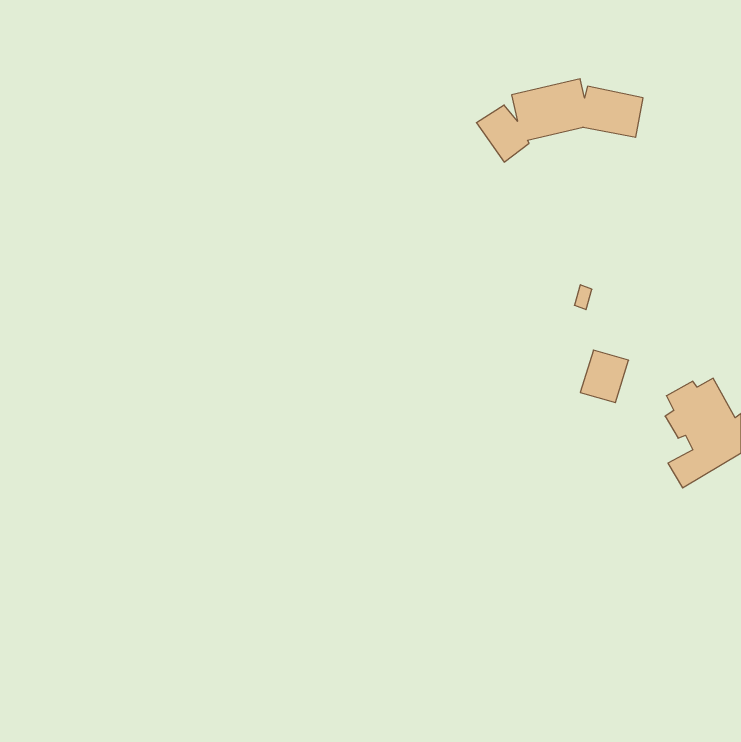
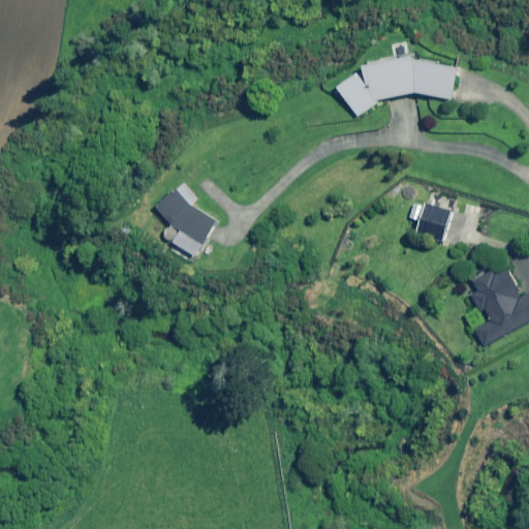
building: none -> [156,189,216,255]
building: [580,350,629,403] -> [414,204,448,241]

